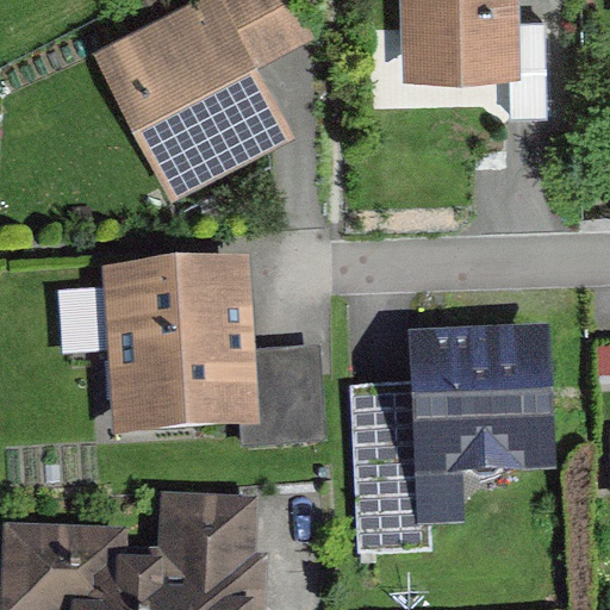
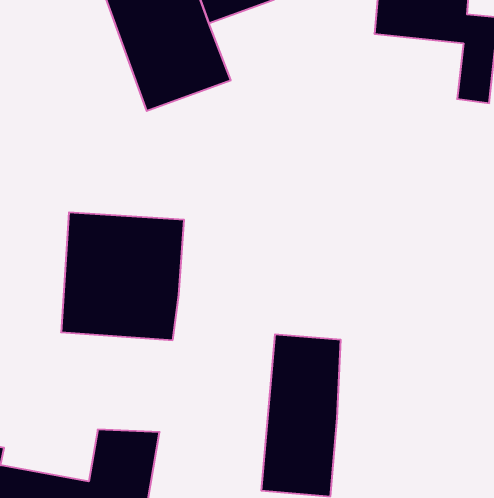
building: [418,343,543,475] -> none
building: [242,355,319,444] -> none

